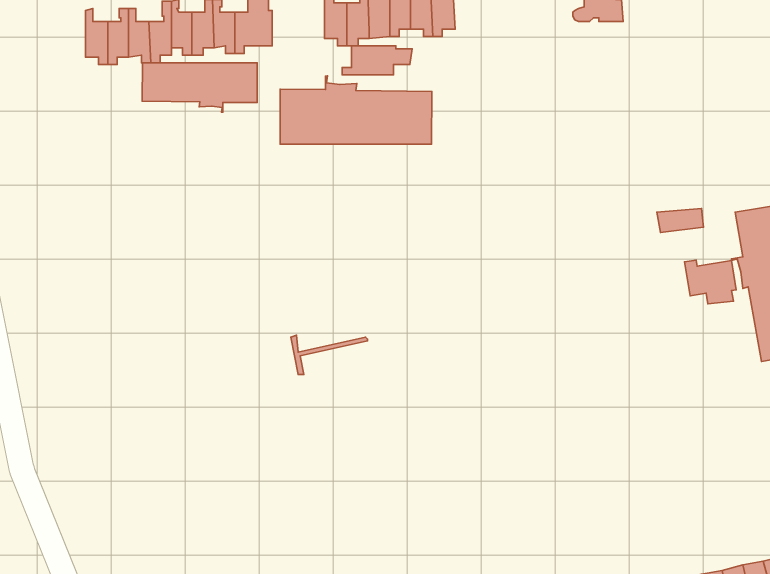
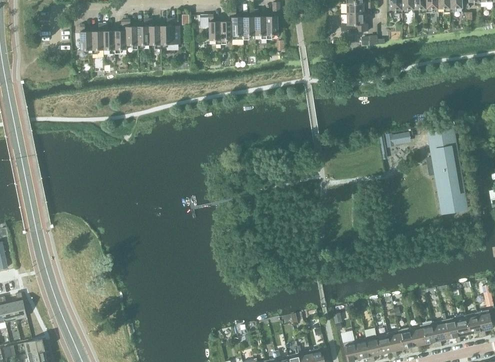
building: [342,46,412,75] -> none
building: [142,63,257,112] -> none
building: [280,76,432,144] -> none
building: [685,260,736,304] -> none

